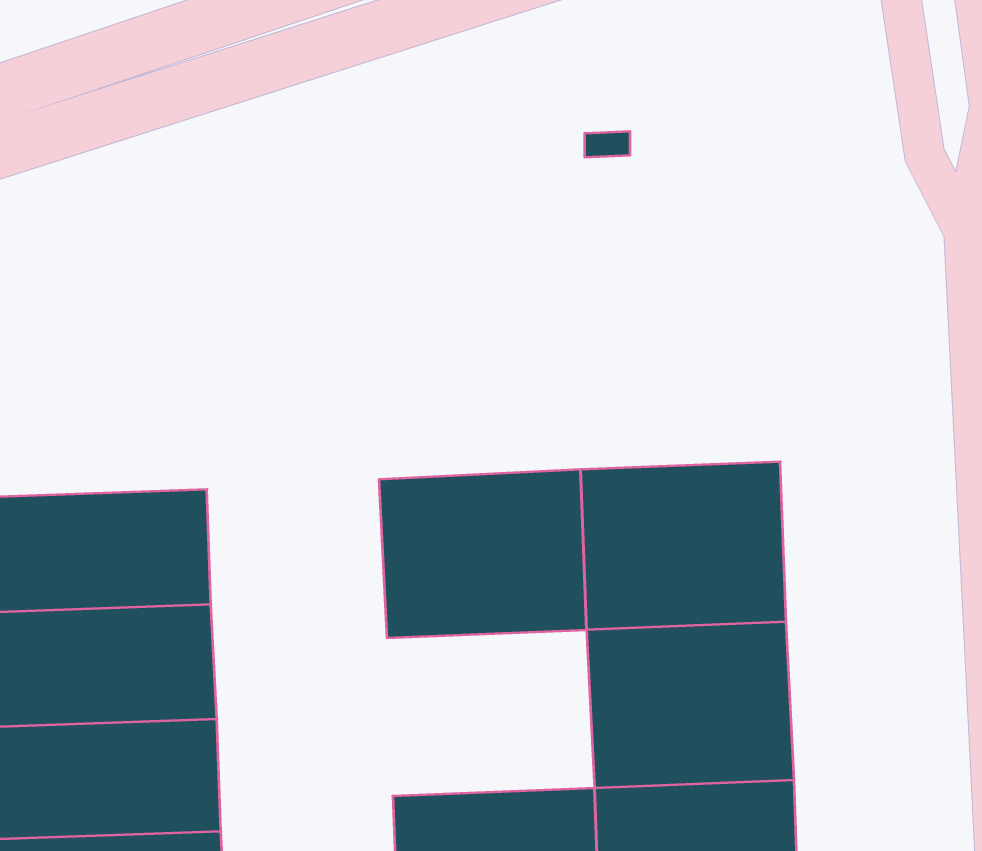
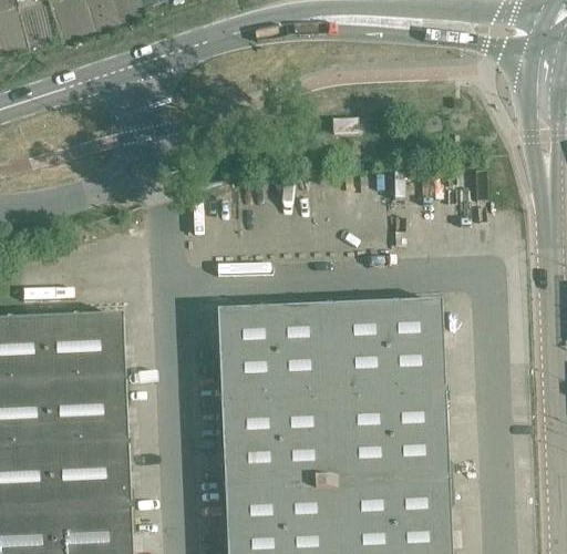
building: none -> [221,399,338,492]

